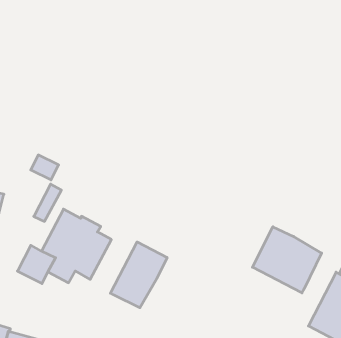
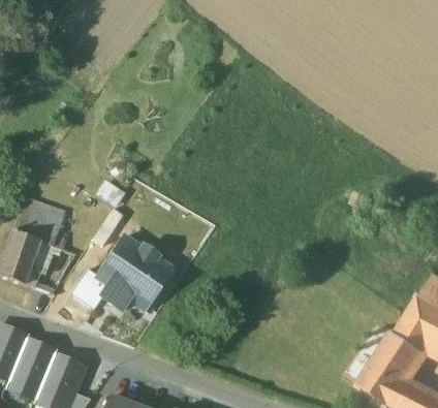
building: [252,227,322,293] -> none
building: [110,242,167,308] -> none

